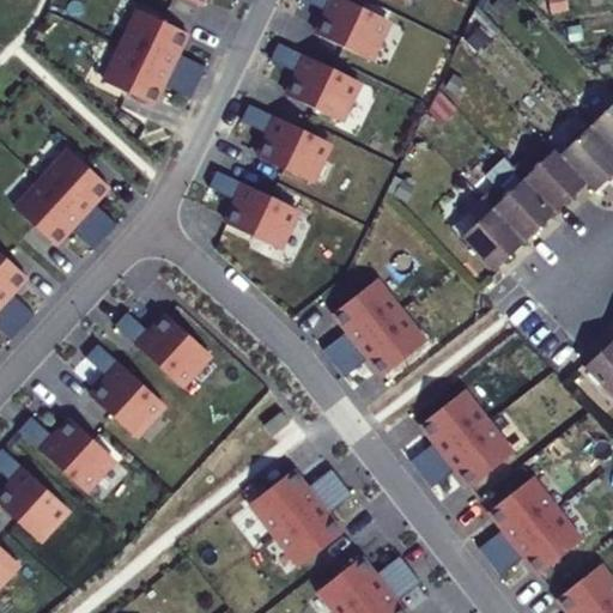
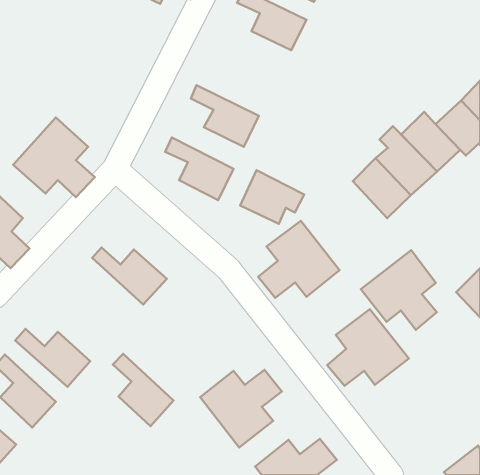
building: [105,8,208,104] -> none
building: [269,47,356,125] -> none
building: none -> [240,170,304,224]
building: none -> [361,250,437,330]
building: [87,342,164,433] -> [113,354,173,426]
building: [480,477,584,575] -> none

